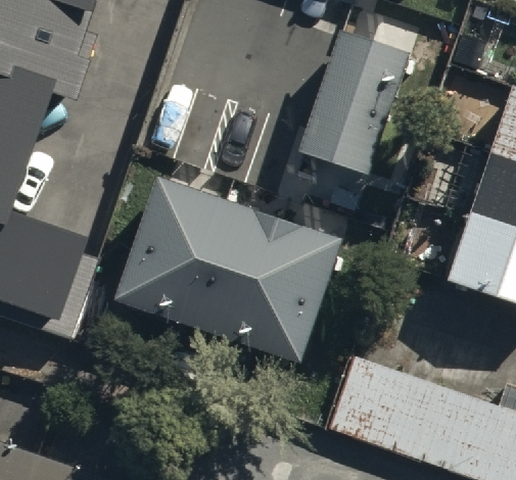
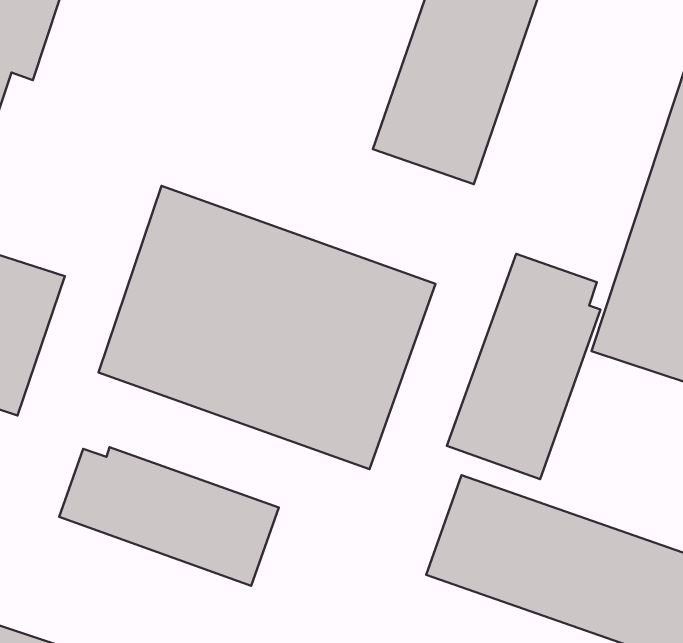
building: none -> [447,254,601,479]
building: none -> [59,447,279,586]

